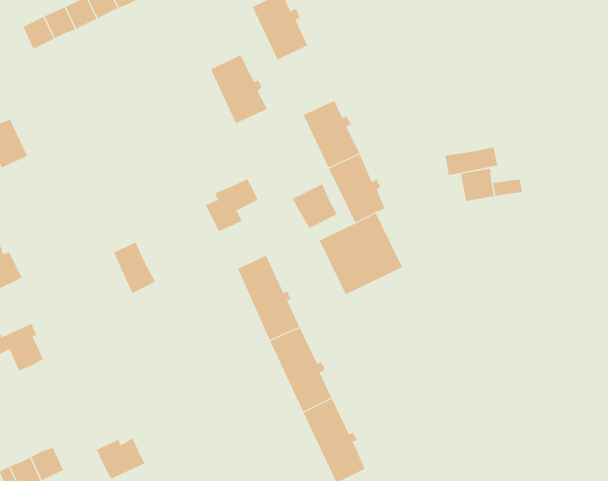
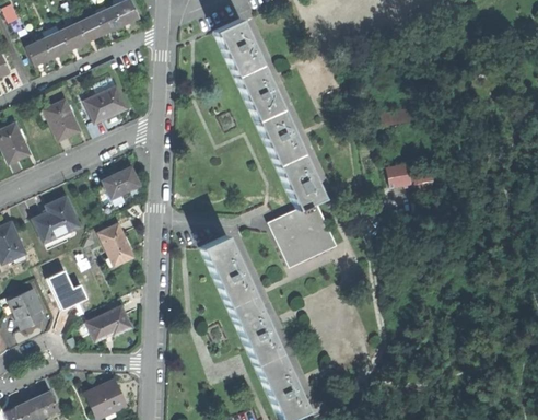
building: [210,55,267,124] -> [235,62,282,119]
building: none -> [85,86,127,124]
building: none -> [44,100,80,140]
building: [445,147,498,176] -> none
building: [205,179,258,232] -> [96,166,140,210]
building: [292,183,338,229] -> none
building: none -> [34,197,80,248]
building: none -> [48,271,81,311]
building: none -> [90,306,132,339]

